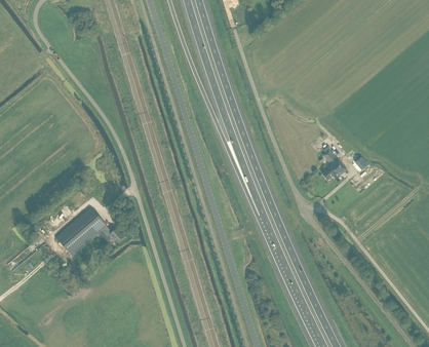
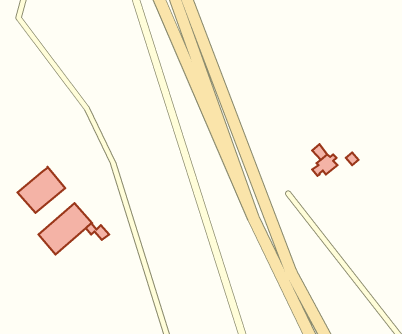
building: none -> [18,167,65,213]

